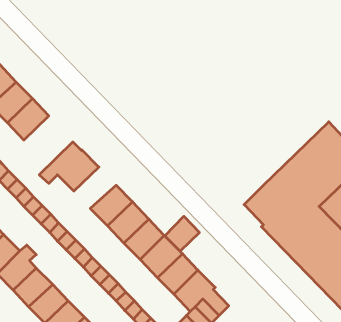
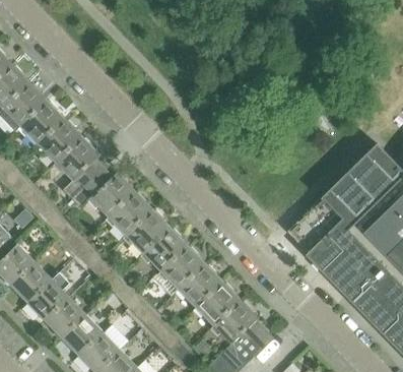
building: none -> [56,137,108,199]
building: none -> [109,191,153,235]
building: [165,216,199,251] -> none

